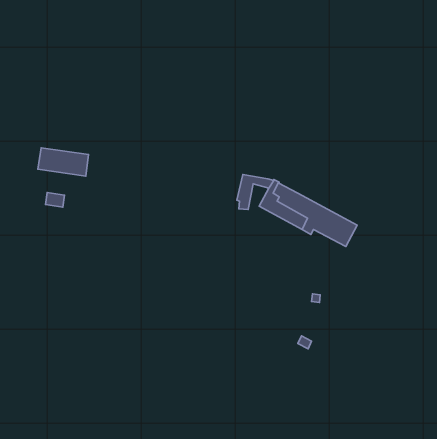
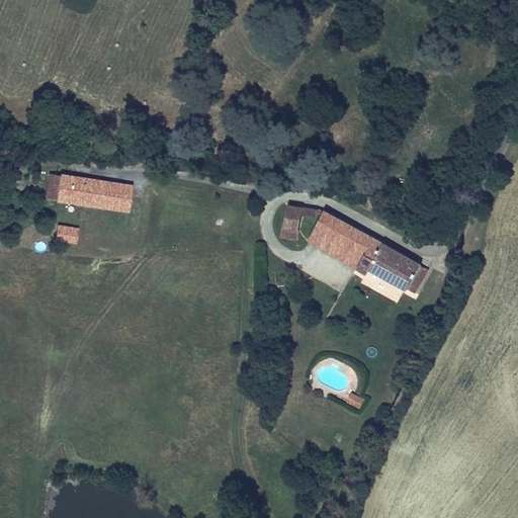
building: none -> [103,182,130,211]

